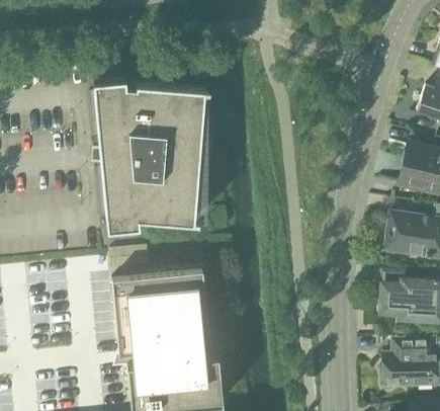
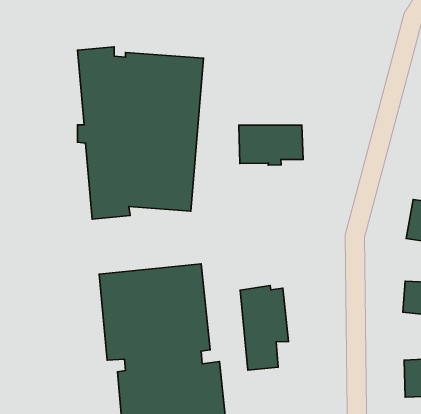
building: none -> [239,125,303,165]
building: none -> [240,285,288,370]

